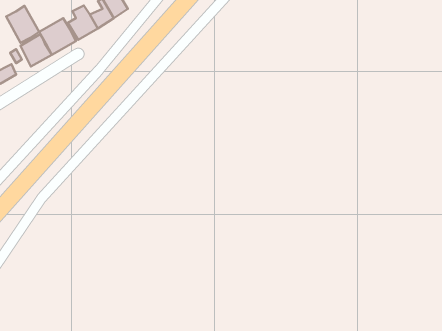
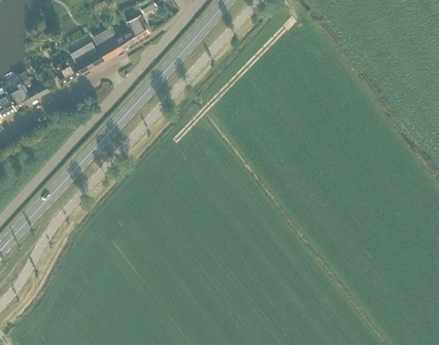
building: [6,6,39,43] -> none

